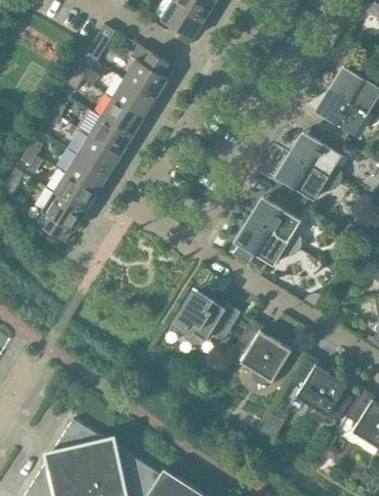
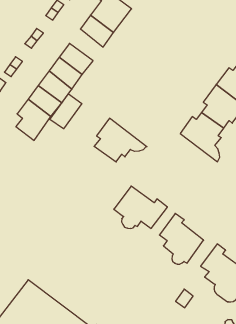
building: [99,97,142,136] -> none
building: none -> [50,94,82,129]
building: [233,218,299,272] -> [94,118,147,162]

